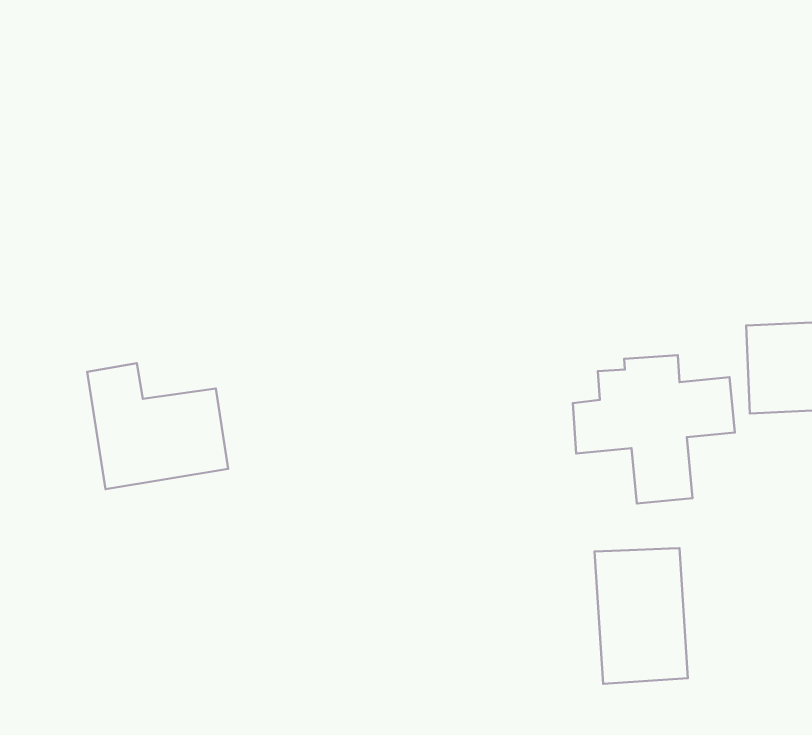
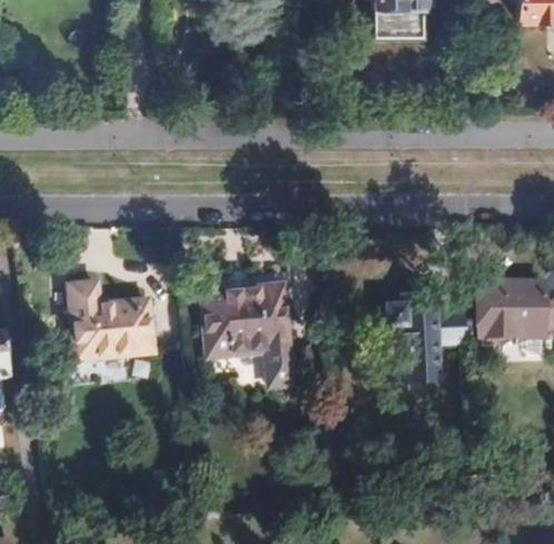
building: none -> [205,287,293,385]
building: [594,548,688,684] -> none

